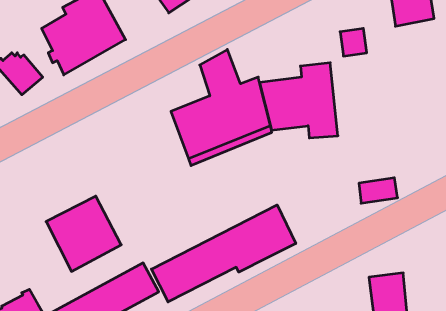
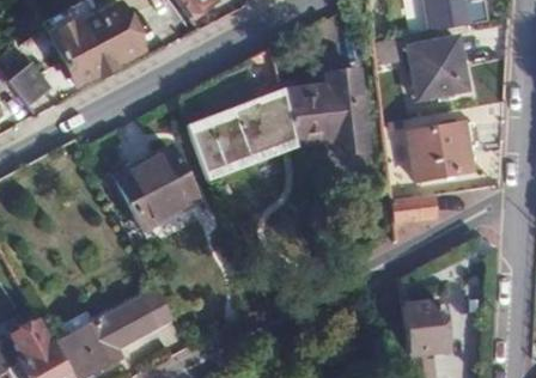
building: none -> [410,36,467,97]
building: none -> [408,121,479,175]
building: [46,196,121,271] -> [116,147,197,228]
building: [151,205,296,302] -> none

